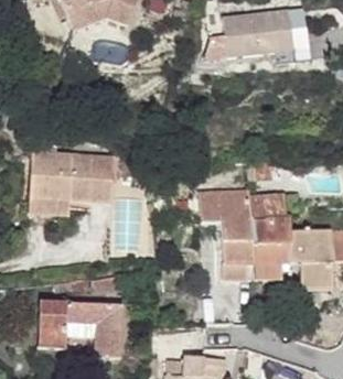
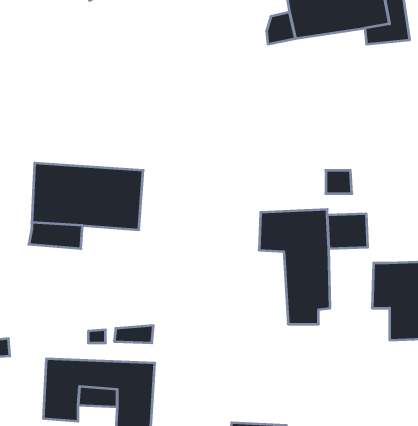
building: [255,217,290,263] -> none

